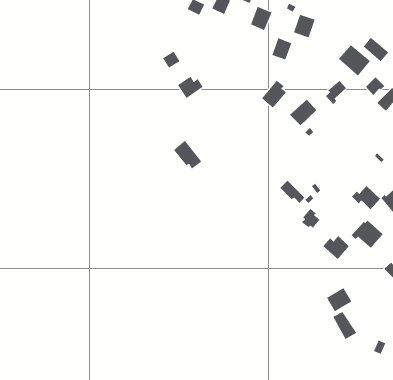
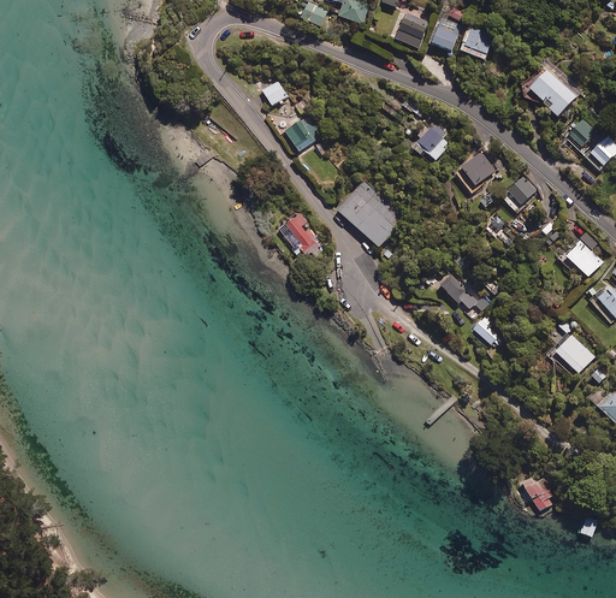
building: [363,37,389,62] -> none
building: [272,38,292,60] -> [430,16,461,49]
building: [325,80,347,105] -> [503,176,535,213]
building: none -> [339,178,409,245]
building: [351,185,381,210] -> [558,239,603,277]
building: [323,235,350,260] -> none
building: [326,287,352,312] -> none

